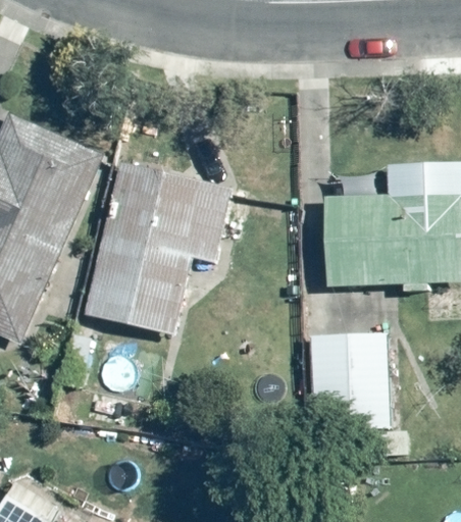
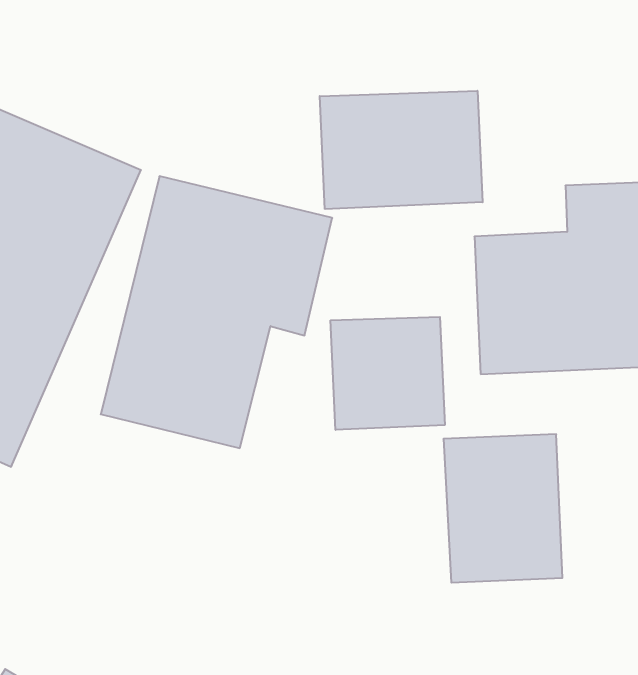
building: none -> [320,91,483,209]
building: none -> [331,317,445,430]

